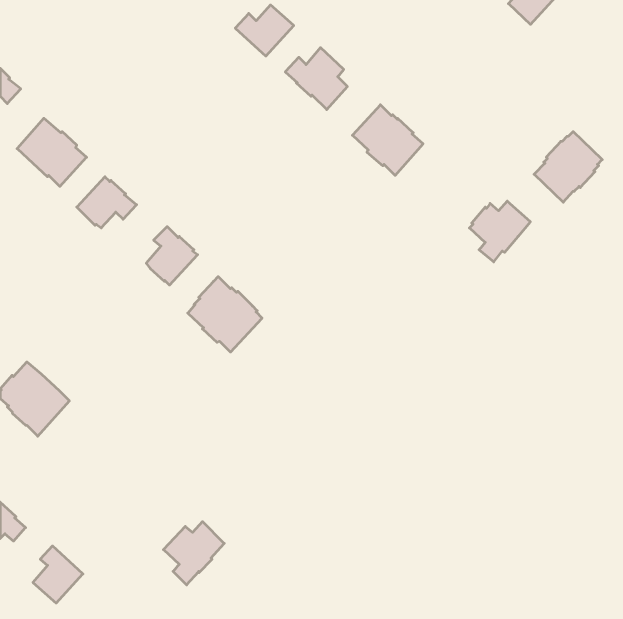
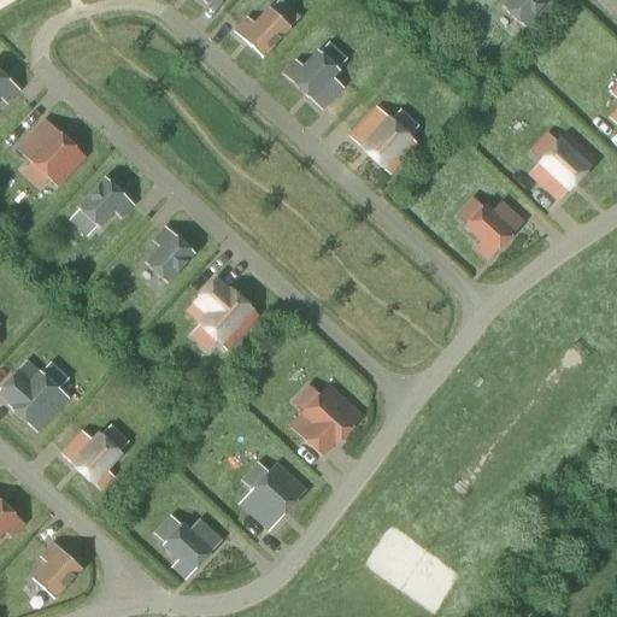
building: none -> [289,382,363,454]
building: none -> [60,428,123,488]
building: none -> [237,460,307,529]

